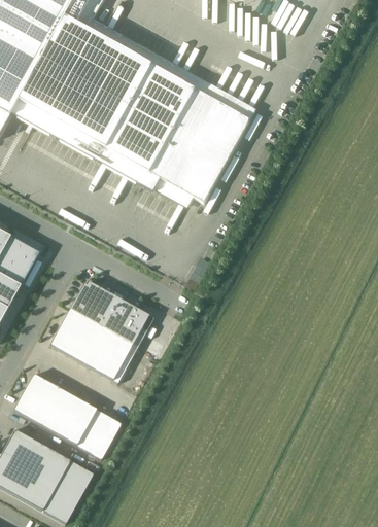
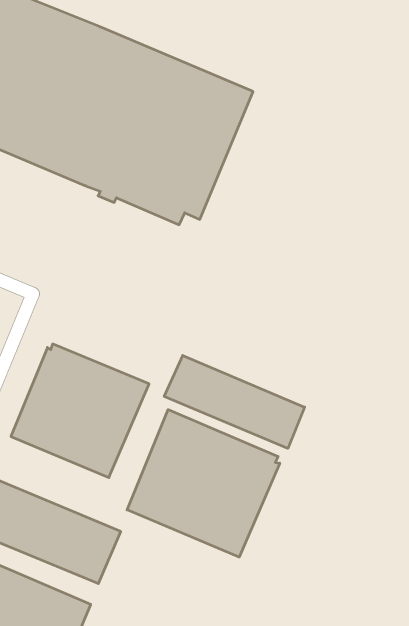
building: none -> [164,355,305,448]
building: none -> [127,410,280,557]

